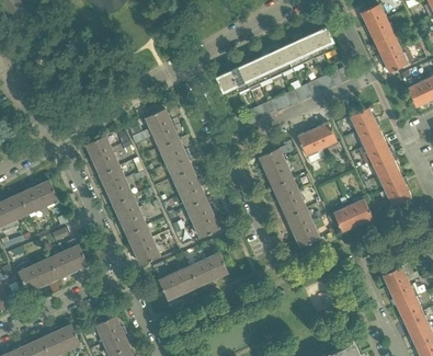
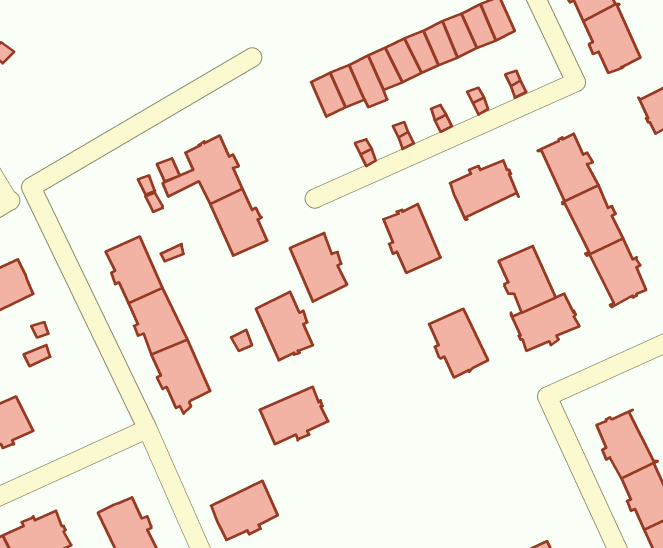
building: [84,136,118,175] -> none
building: [172,169,205,208] -> [290,233,347,302]
building: [272,179,305,217] -> [499,246,556,313]
building: [47,239,87,278] -> none
building: [158,266,196,300] -> [211,481,278,540]

